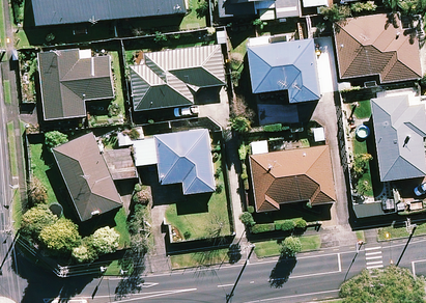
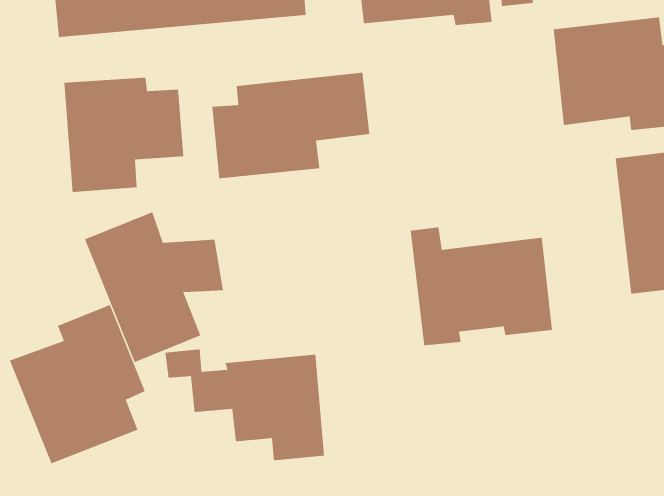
building: [250,32,322,101] -> none
building: [117,126,214,193] -> [164,349,325,461]
building: none -> [9,304,146,464]

